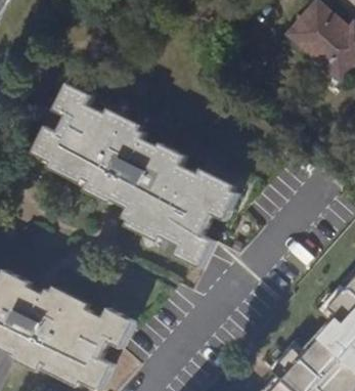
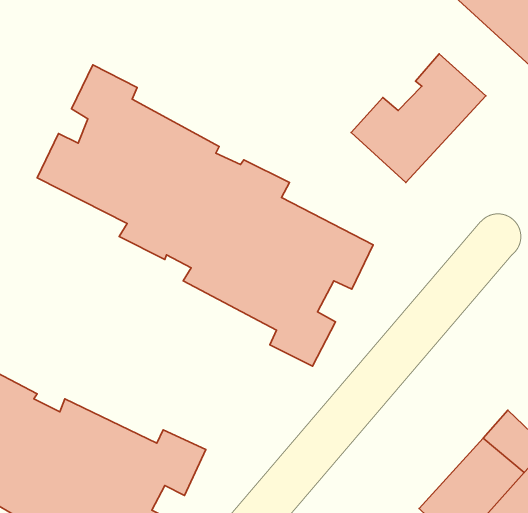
building: none -> [351,54,486,183]

